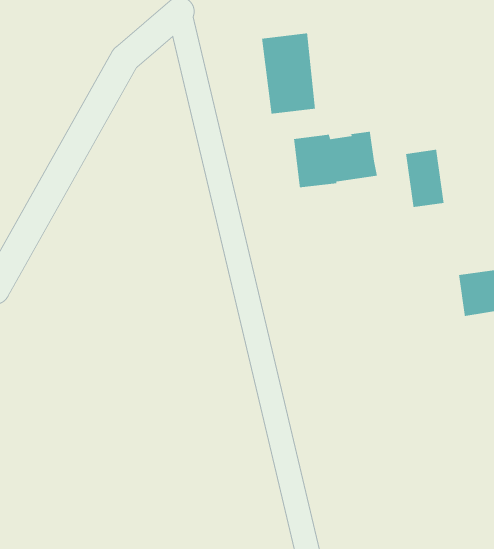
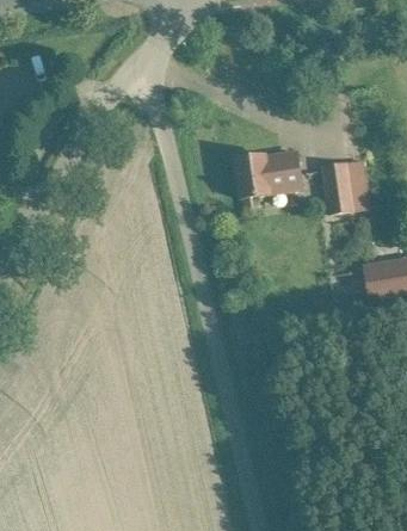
building: [261,33,316,114] -> none

